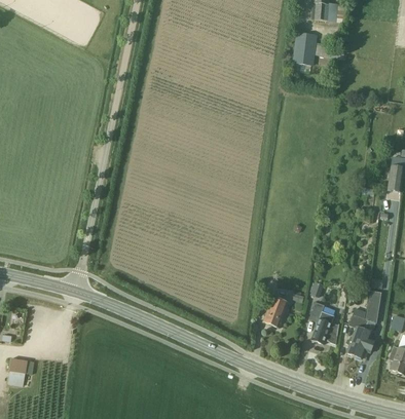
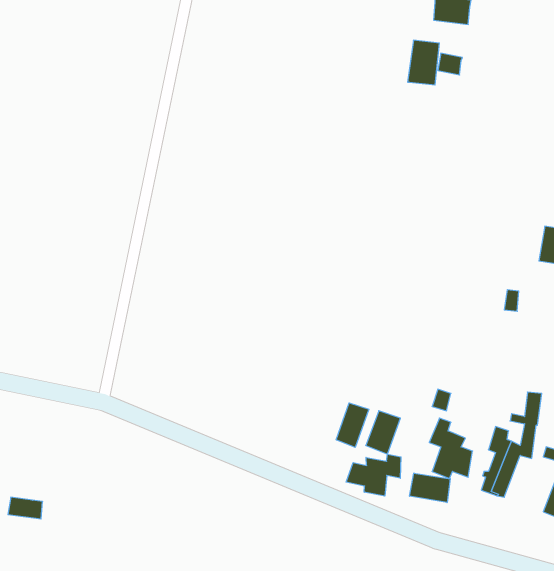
building: none -> [336,403,369,447]
building: none -> [346,454,401,496]
building: none -> [410,473,450,503]

